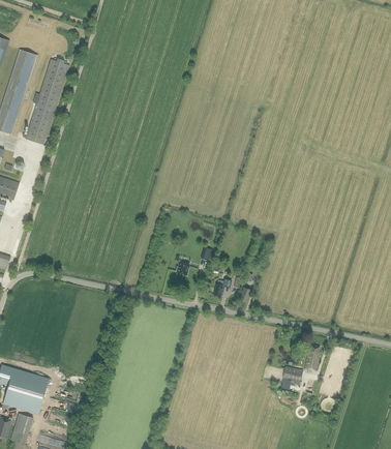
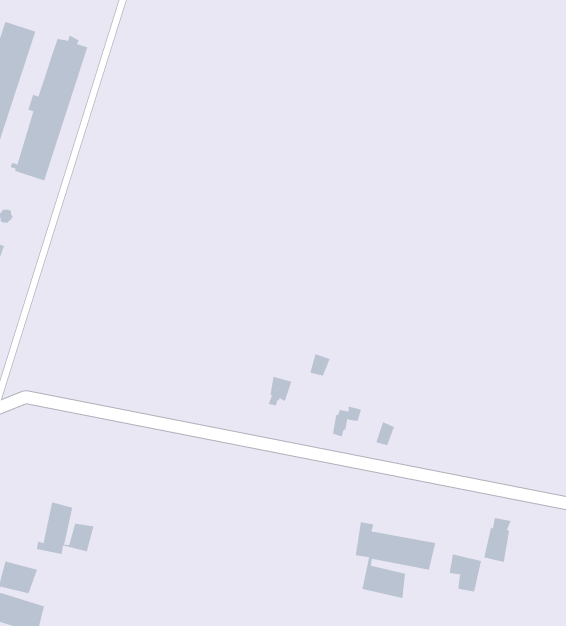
building: none -> [36,501,94,555]
building: none -> [355,522,436,599]

